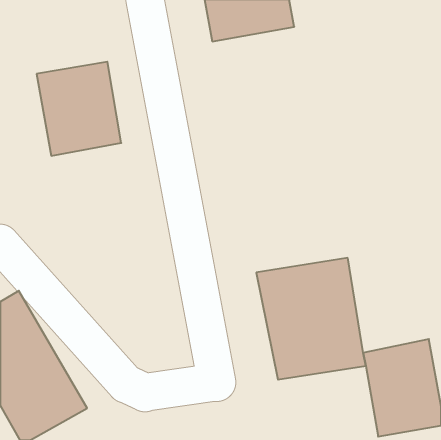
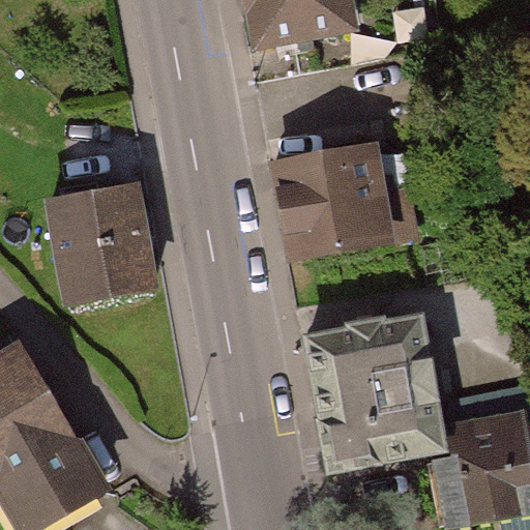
building: [37,62,121,156] -> [52,192,153,304]
building: none -> [275,152,415,263]

